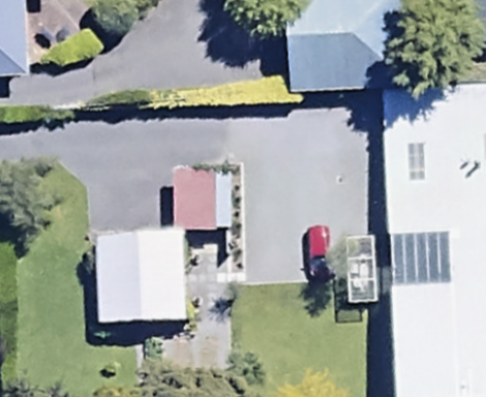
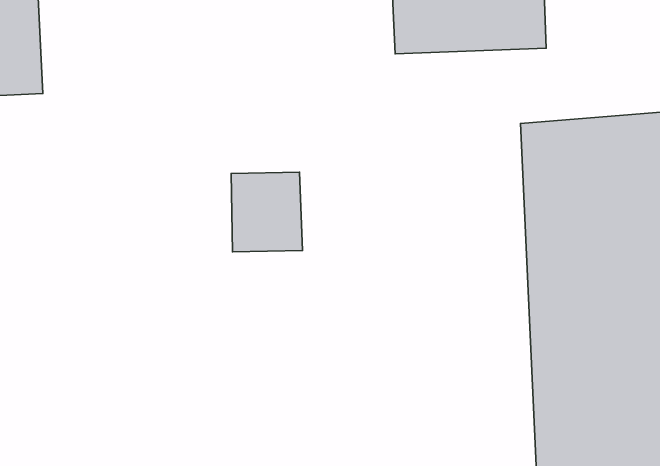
building: [95,211,184,297] -> none

